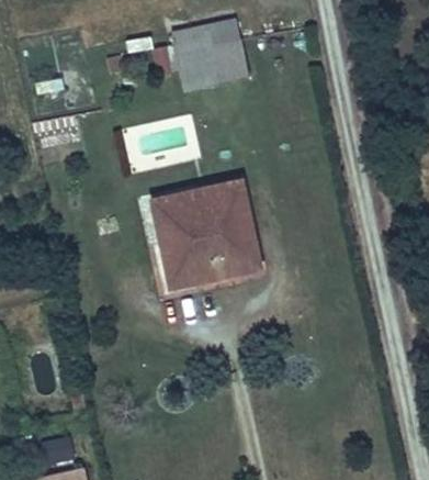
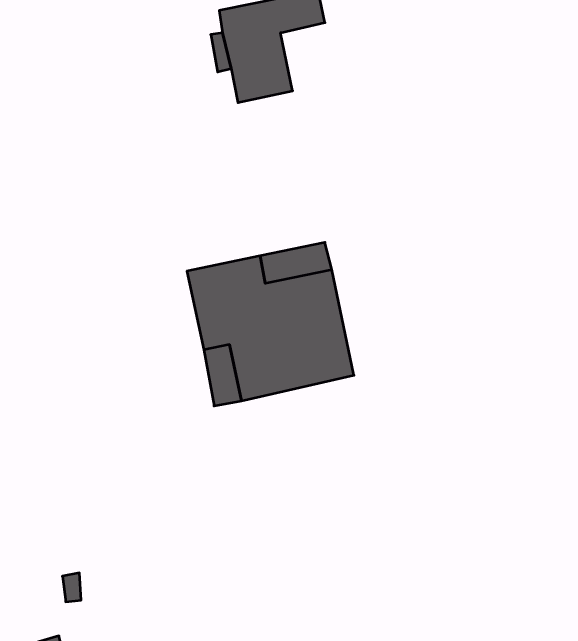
building: [212,40,249,83] -> none

